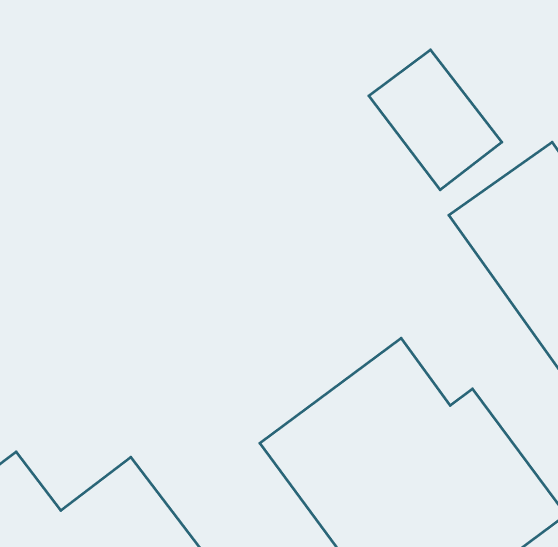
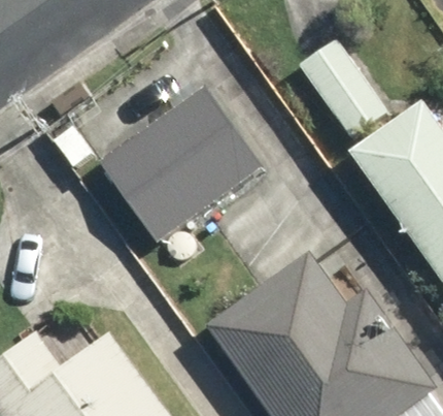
building: none -> [100,85,264,242]

